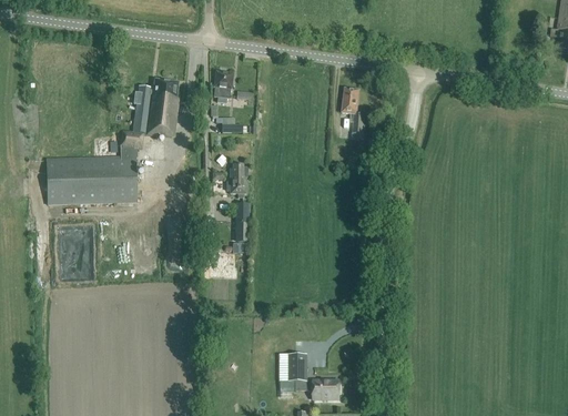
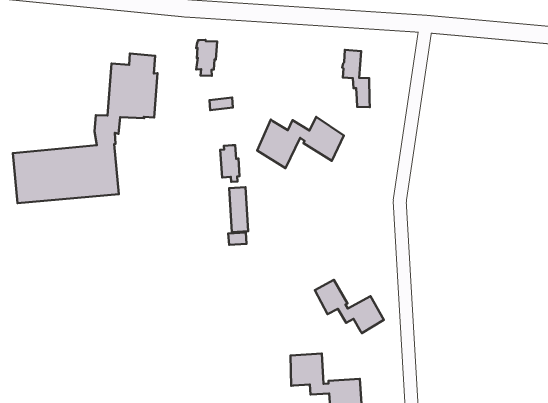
building: none -> [257,117,344,168]
building: none -> [315,280,384,333]

